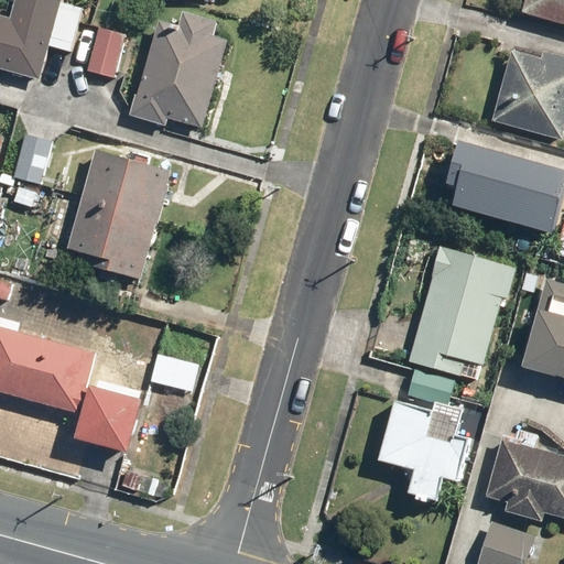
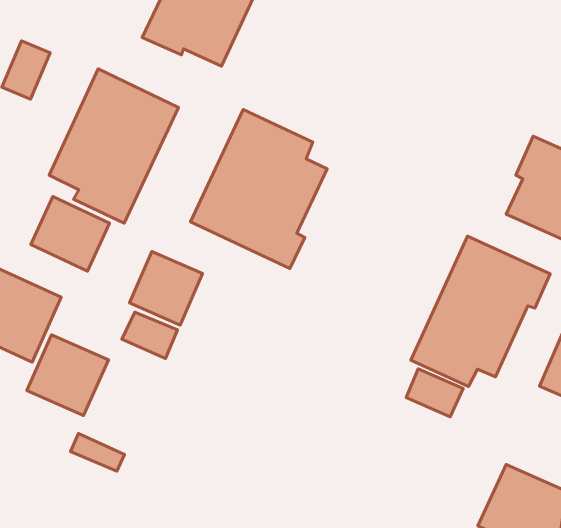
building: none -> [191,110,327,268]
building: none -> [31,197,110,271]
building: none -> [130,251,203,325]
building: [378,400,468,499] -> none

